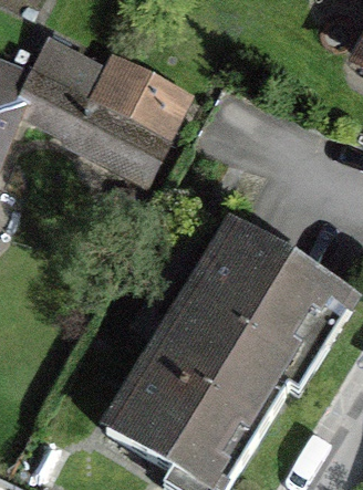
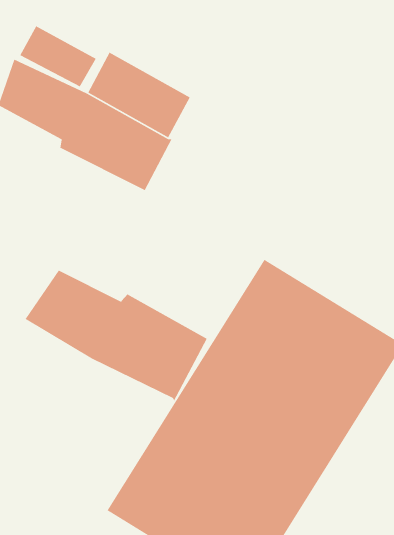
building: none -> [25,270,208,402]

